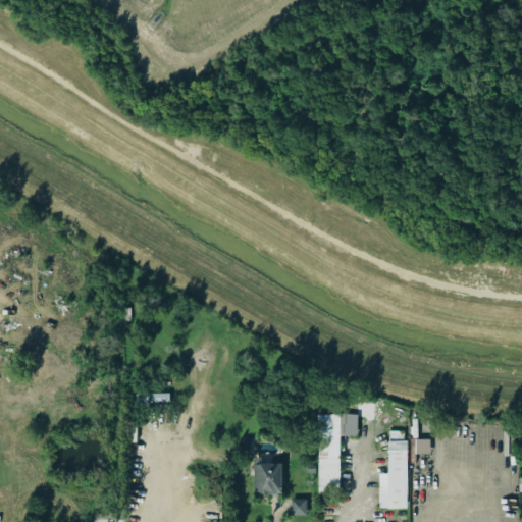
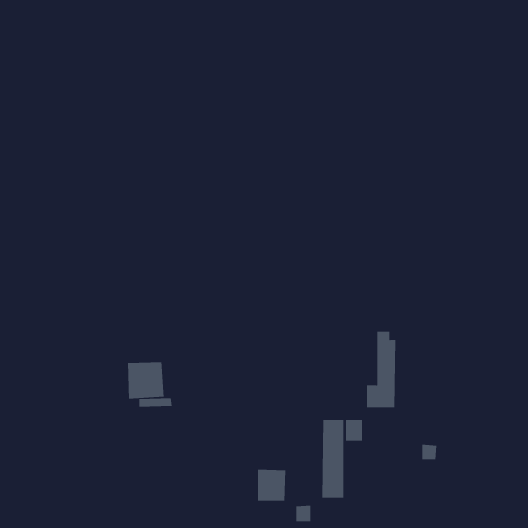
building: none -> [127,362,164,399]
building: [378,432,408,508] -> [366,331,396,408]

